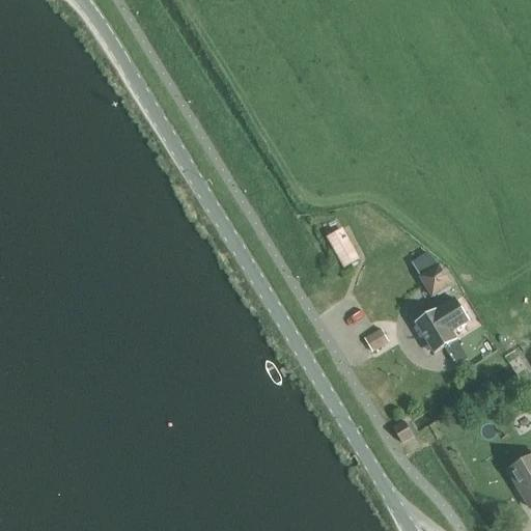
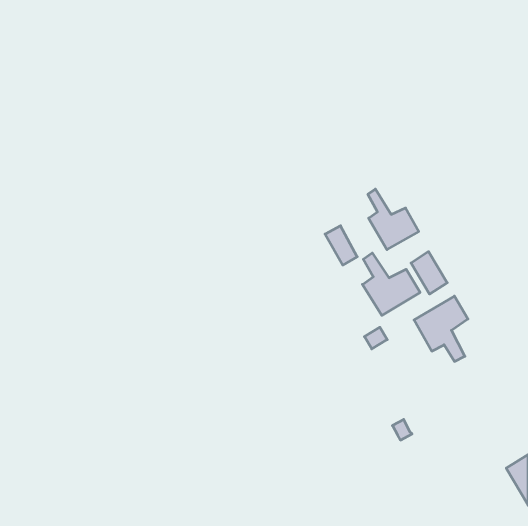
building: none -> [368,189,419,250]
building: none -> [362,253,420,315]

